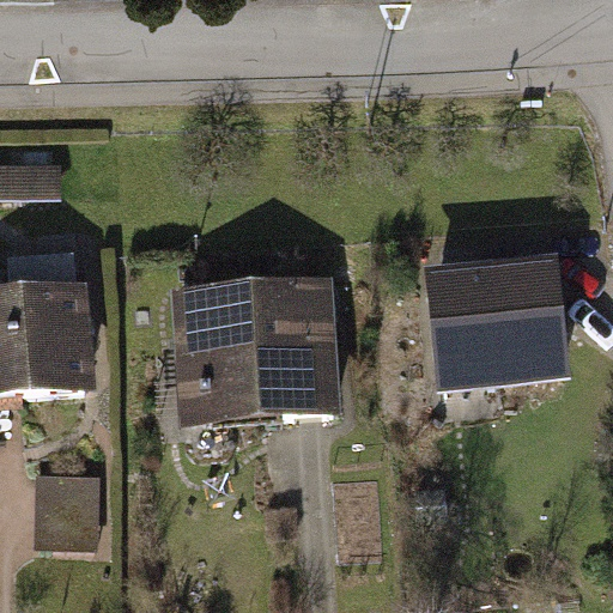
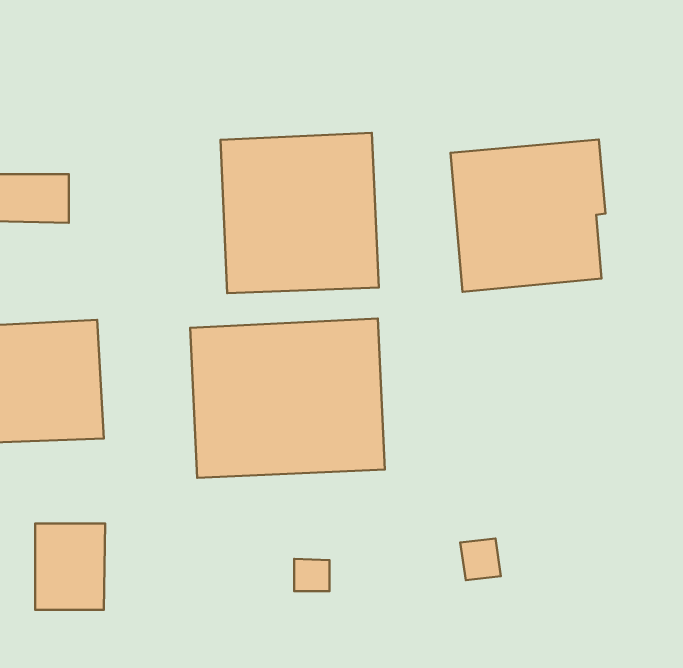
building: none -> [220,133,379,293]
building: [426,254,564,389] -> [450,139,606,292]

